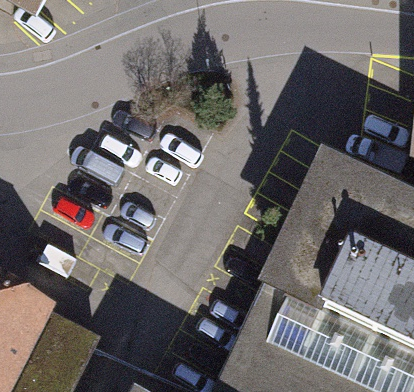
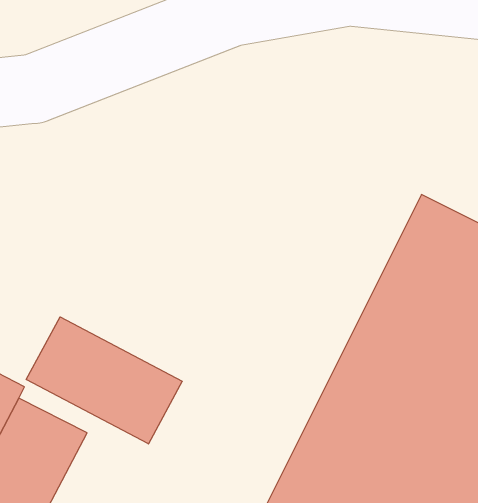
building: none -> [26,317,182,444]

